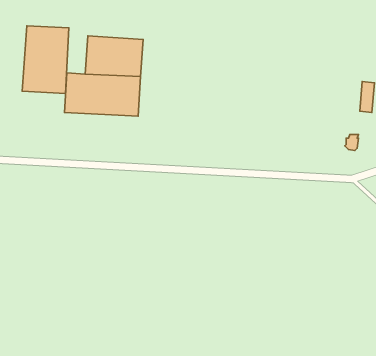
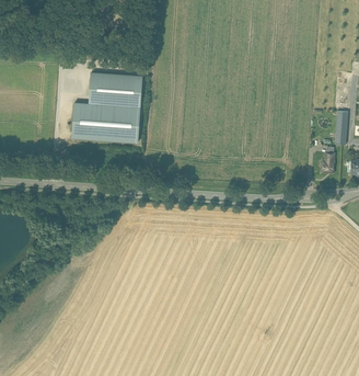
building: [22,26,69,93] -> none

